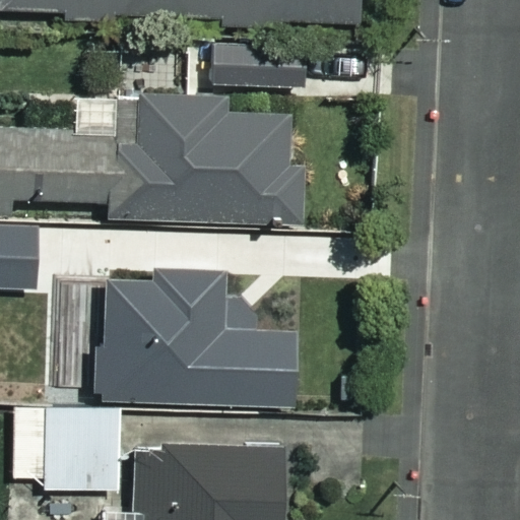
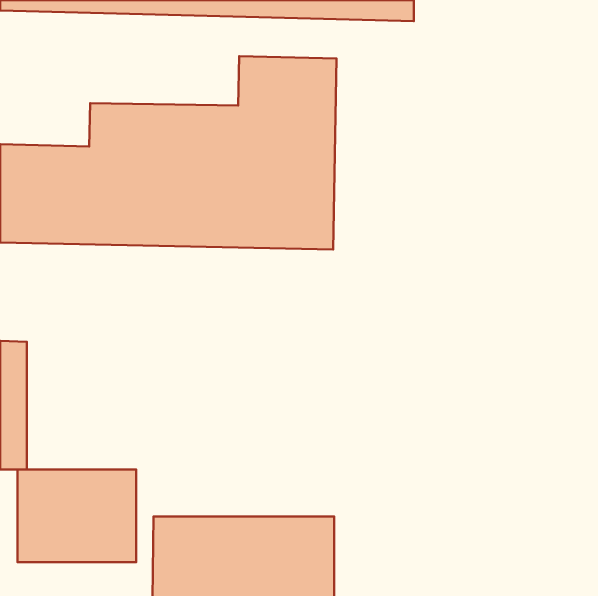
building: [99,268,300,406] -> none

